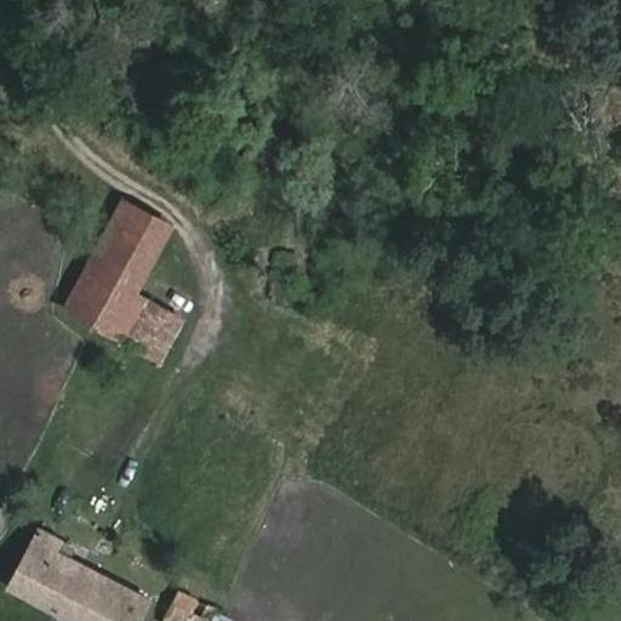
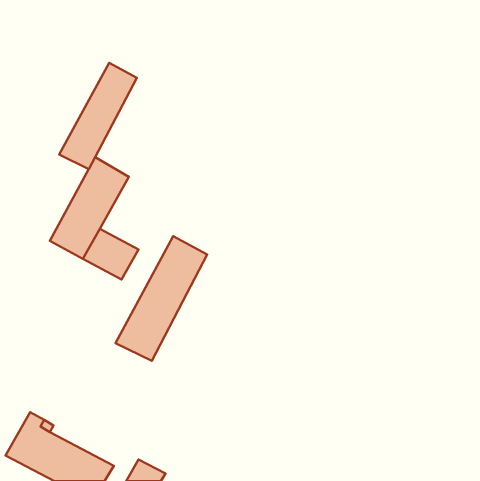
building: none -> [59,63,137,169]
building: none -> [116,236,207,361]

